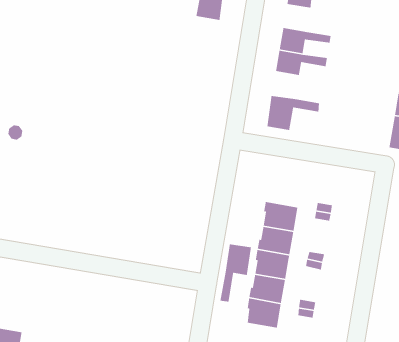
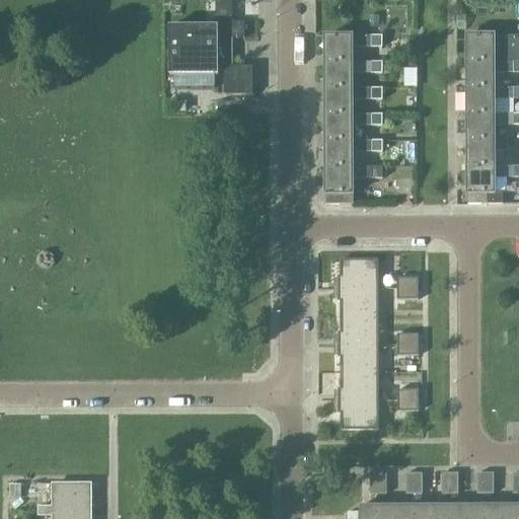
building: none -> [325,61,382,87]
building: none -> [325,139,382,166]
building: none -> [339,258,378,287]
building: [219,243,252,303] -> none

